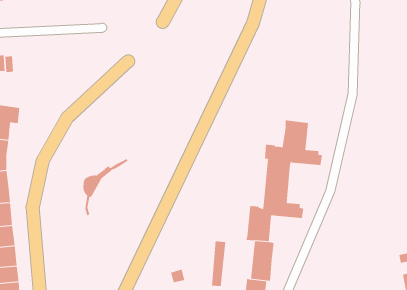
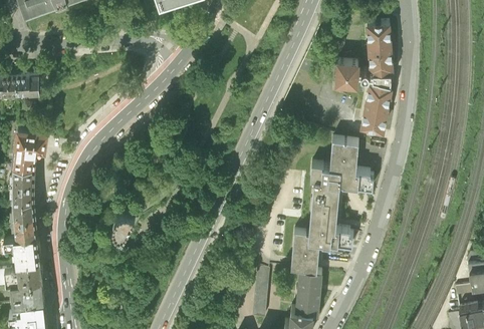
building: none -> [335,27,396,138]

